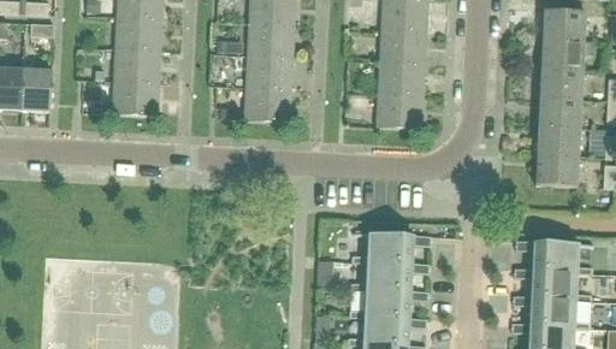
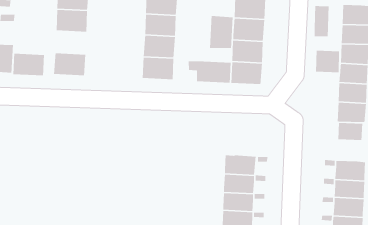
building: none -> [314,5,329,37]
building: none -> [209,15,233,49]
building: [114,47,162,82] -> [13,53,45,76]
building: none -> [315,50,340,73]
building: none -> [188,60,231,83]
building: none -> [337,122,363,141]

